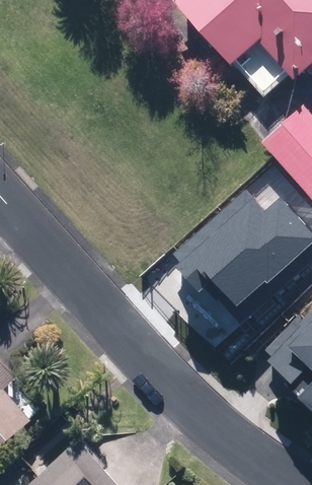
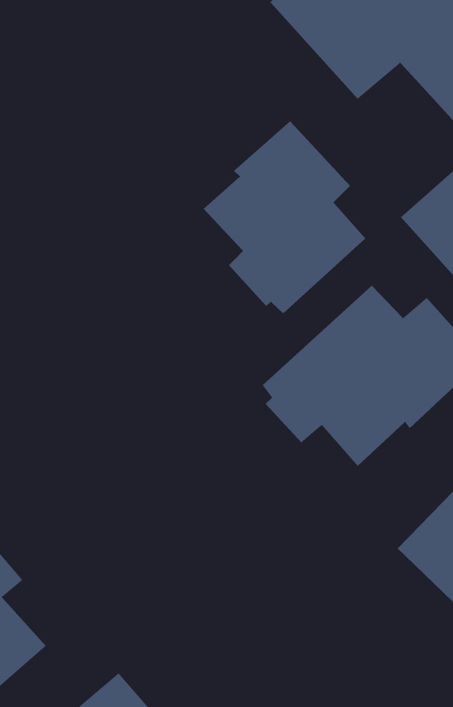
building: none -> [203,120,366,314]

